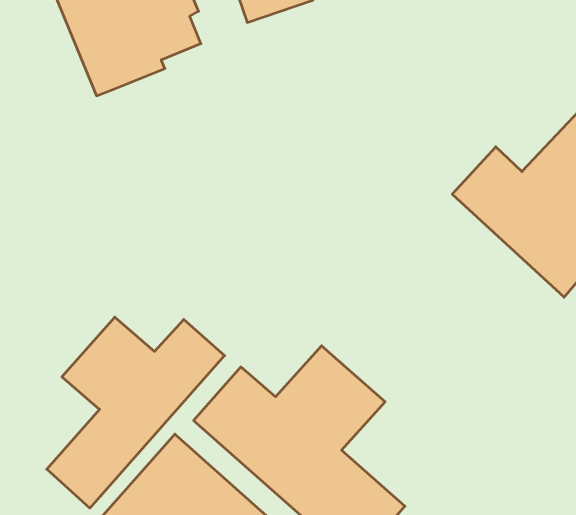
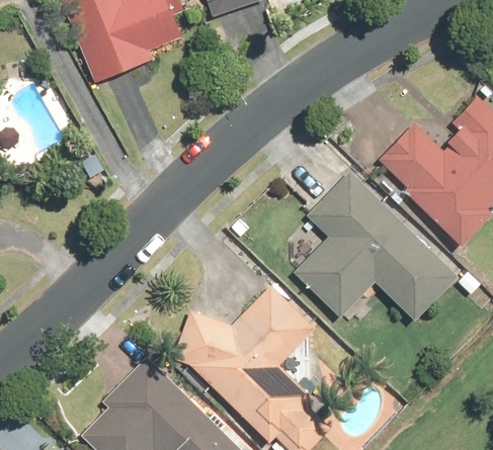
building: none -> [292,170,464,325]
building: [47,317,225,508] -> none

